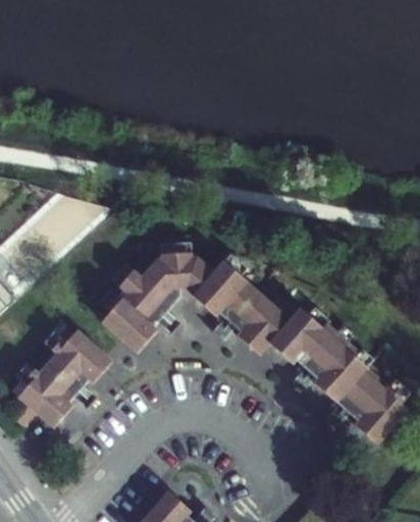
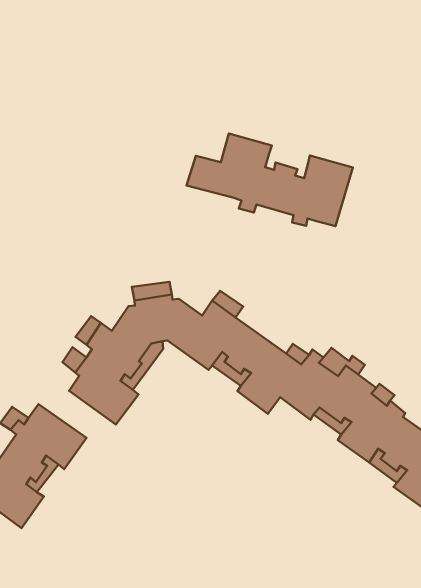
building: none -> [187,133,353,226]

